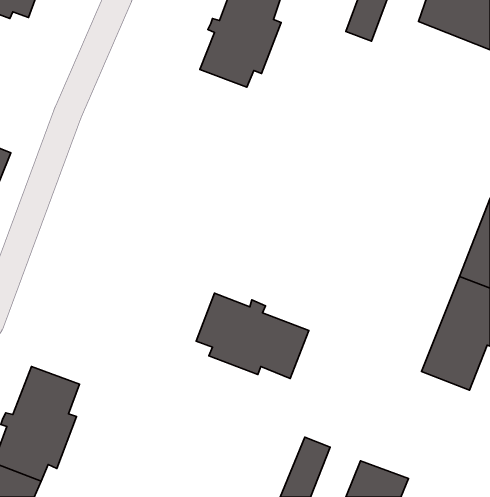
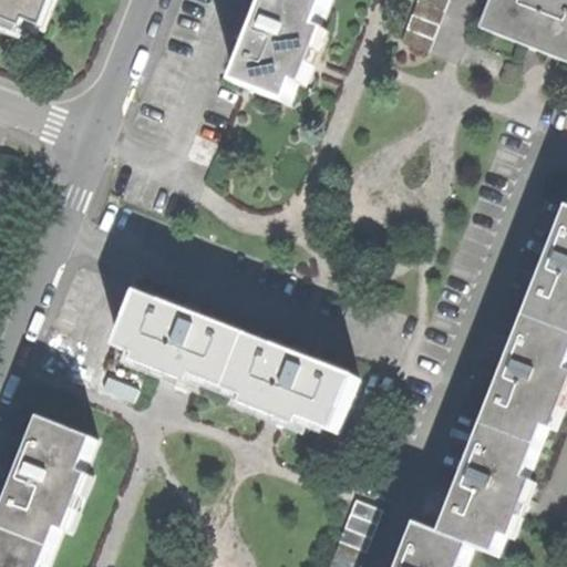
building: none -> [112,289,243,385]
building: none -> [434,420,539,548]

